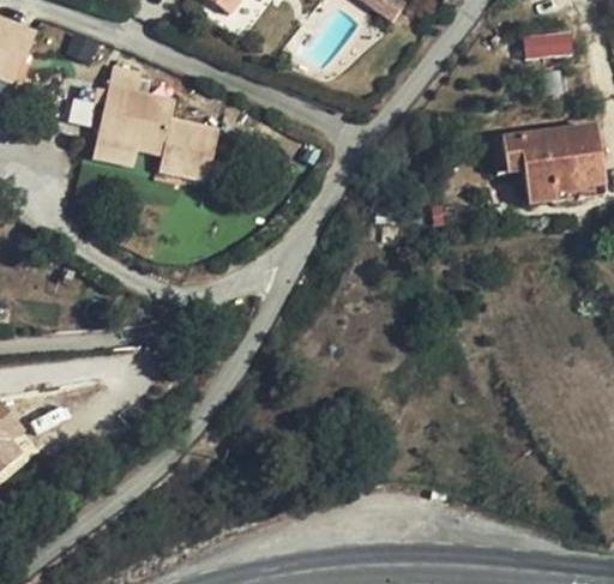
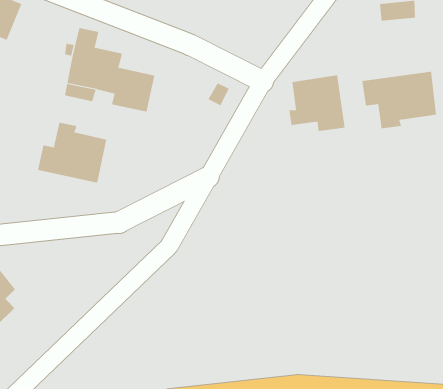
building: none -> [289,74,345,132]
building: none -> [37,122,107,184]

